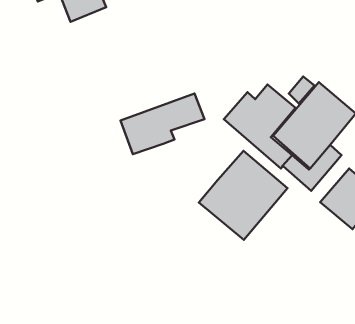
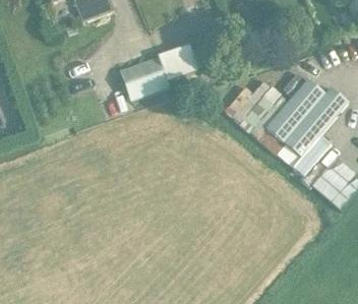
building: [121,94,205,154] -> [121,44,197,99]
building: [199,151,288,240] -> none

